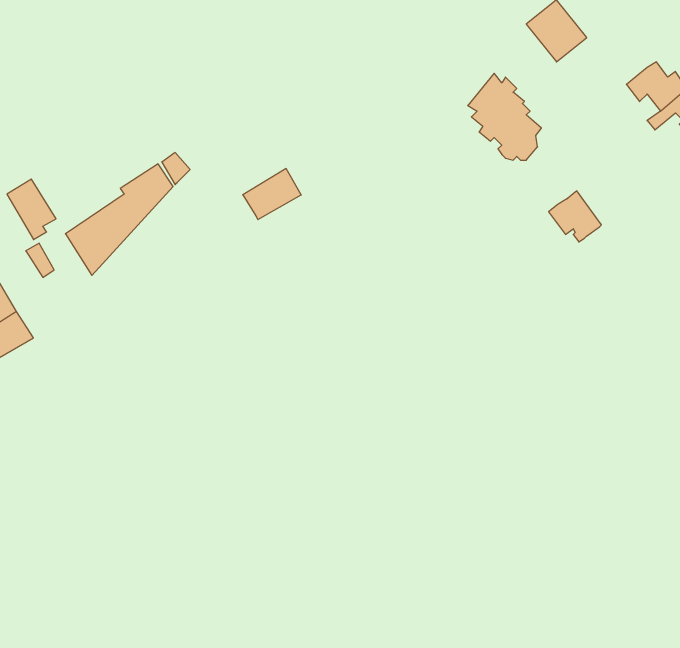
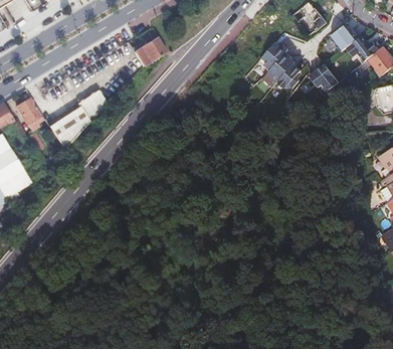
building: none -> [331,24,358,51]
building: [243,169,301,220] -> [135,37,166,64]
building: [549,191,601,242] -> [311,64,339,92]

